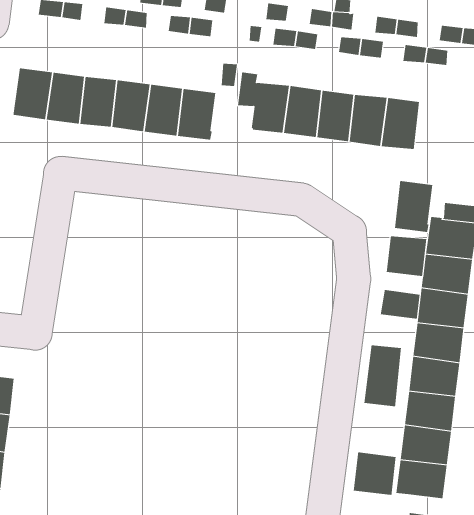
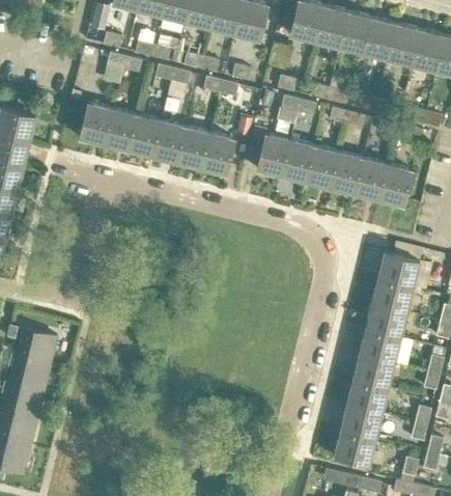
building: [394,181,433,232] -> [377,163,411,204]
building: [386,236,427,277] -> none
building: [380,289,420,319] -> none
building: [364,344,401,407] -> none
building: [353,452,396,496] -> none

